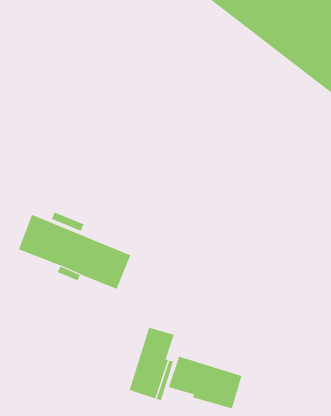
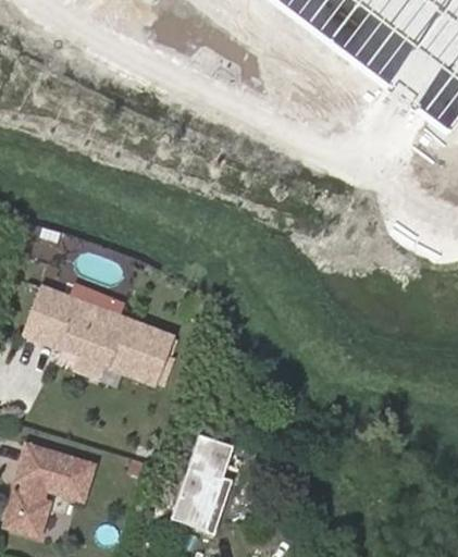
building: none -> [7,440,100,535]
building: [168,356,242,409] -> none

